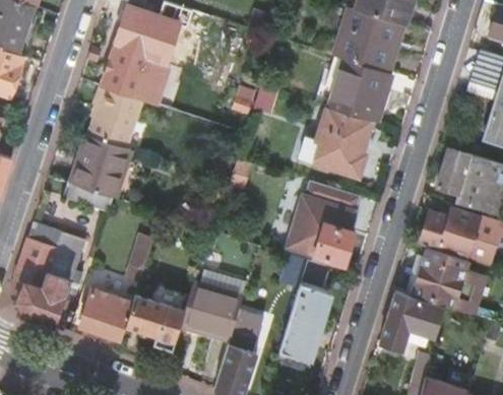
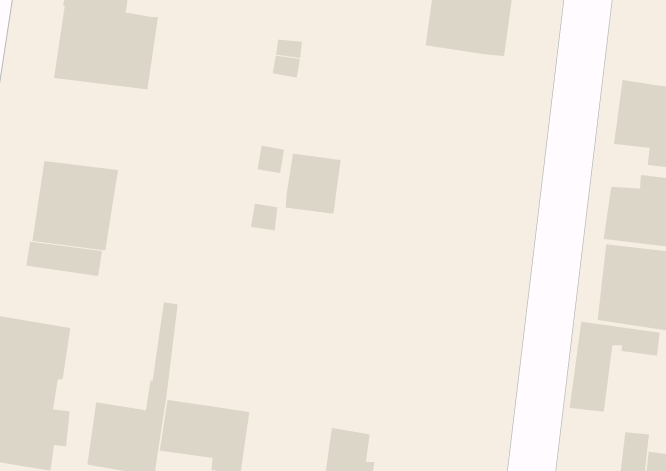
building: [87,87,144,149] -> none
building: [316,106,368,175] -> none
building: [291,181,360,264] -> none
building: [280,260,333,359] -> none
building: [181,284,243,342] -> none

